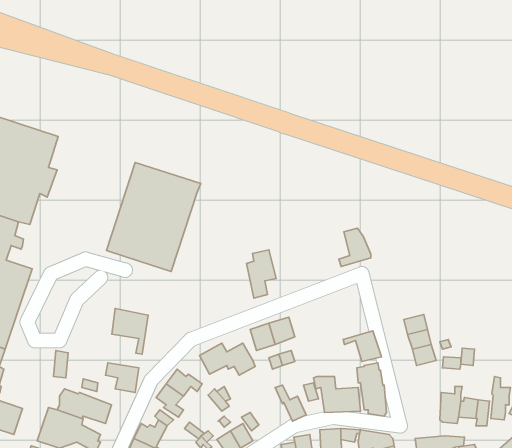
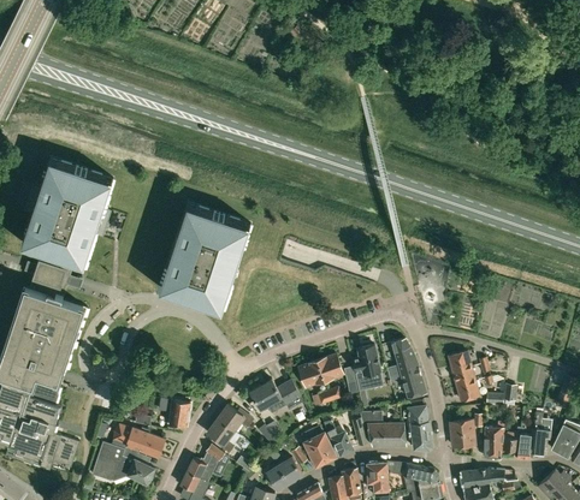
building: [339,228,371,267] -> [386,339,418,376]
building: [246,250,276,298] -> [351,345,380,392]
building: [112,308,148,354] -> none
building: none -> [450,421,474,447]
building: none -> [301,425,336,468]

